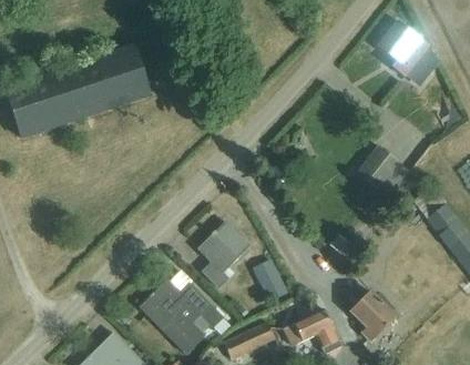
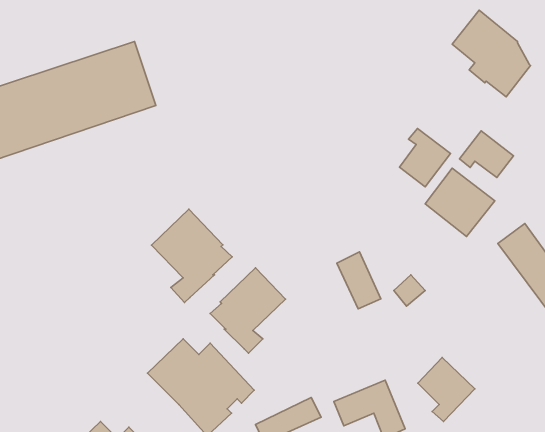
building: none -> [400,128,451,187]
building: none -> [460,131,514,177]
building: none -> [152,209,232,302]
building: [254,258,288,303] -> [337,252,381,309]

